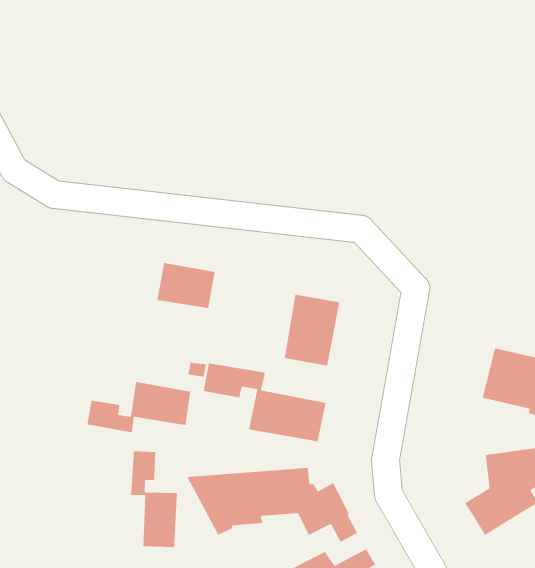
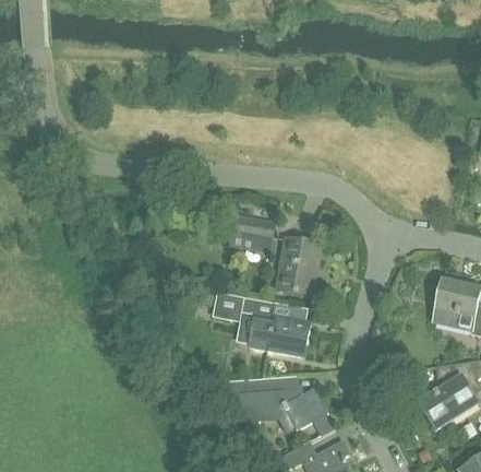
building: [157,262,216,309] -> [226,216,273,253]
building: [87,381,191,433] -> none
building: [130,451,178,548] -> none

